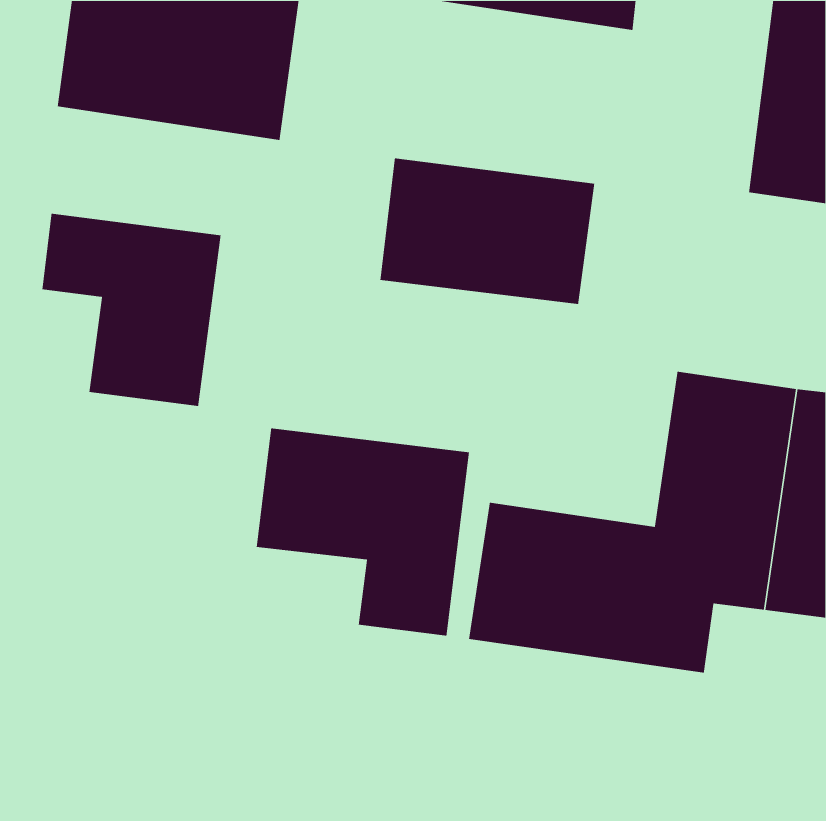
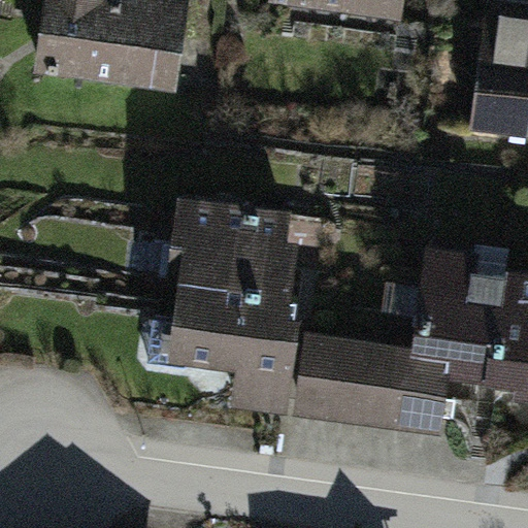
building: [380,157,595,305] -> [172,198,309,292]
building: [41,213,221,407] -> none

